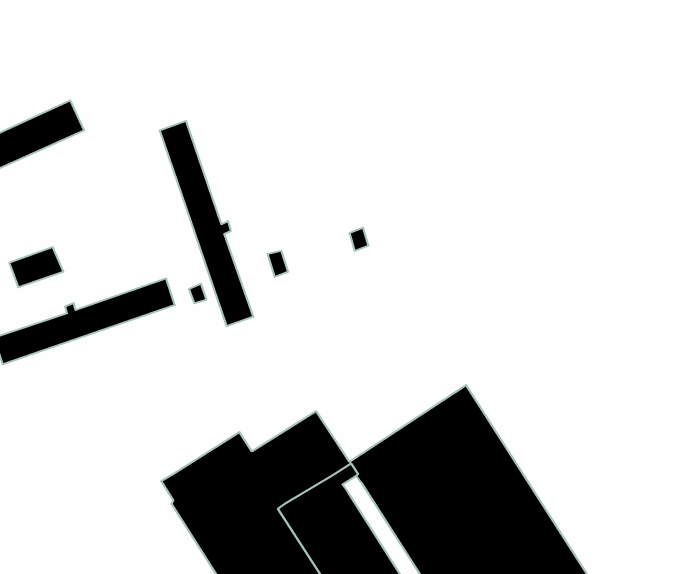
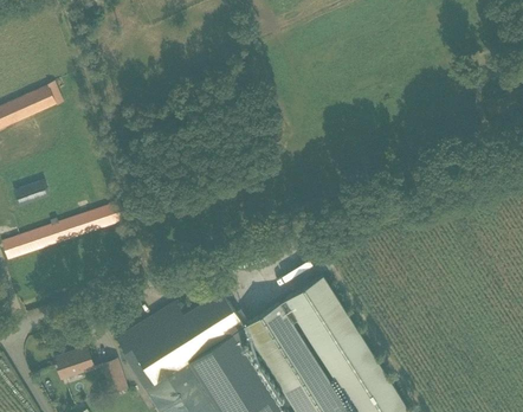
building: [160,121,253,326] -> none
building: none -> [54,348,93,381]
building: none -> [99,359,128,394]

